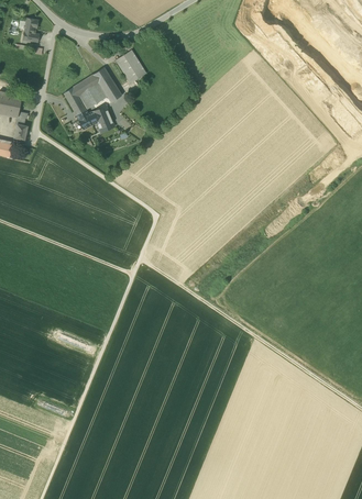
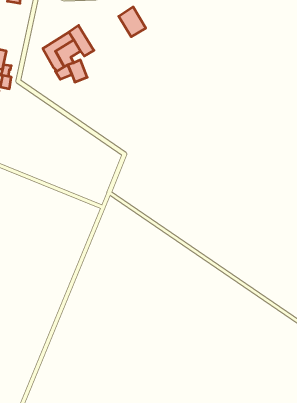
building: [116,48,146,82] -> [119,7,146,37]

